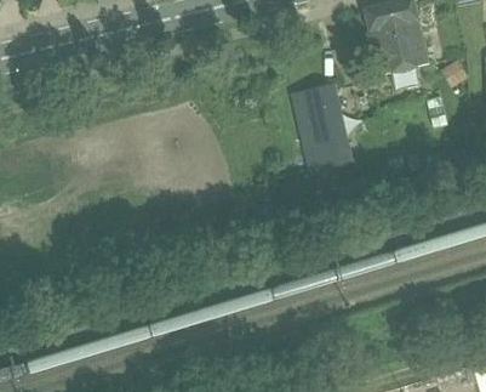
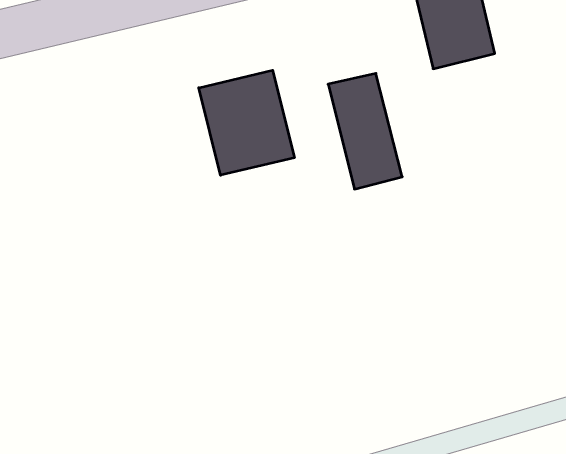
building: none -> [199,70,294,175]

